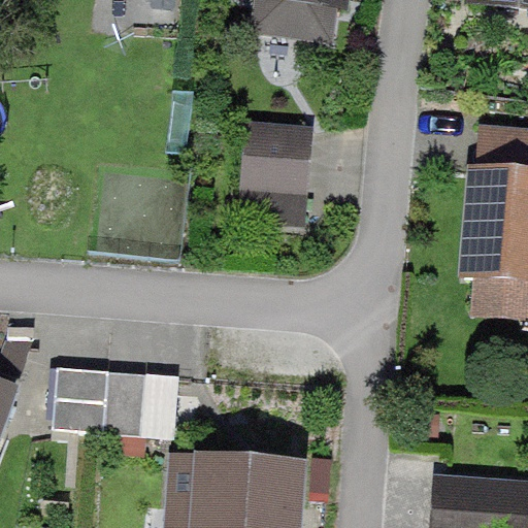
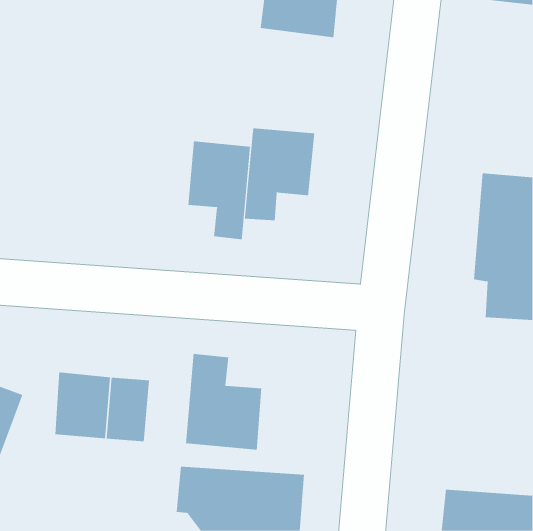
building: none -> [188,141,251,240]
building: none -> [186,353,262,450]

